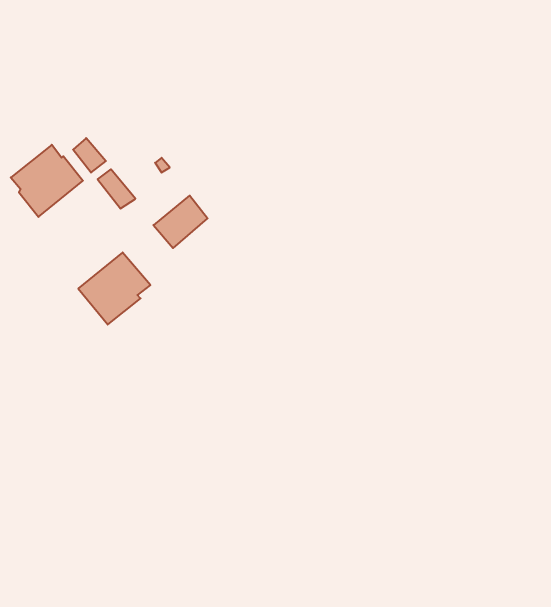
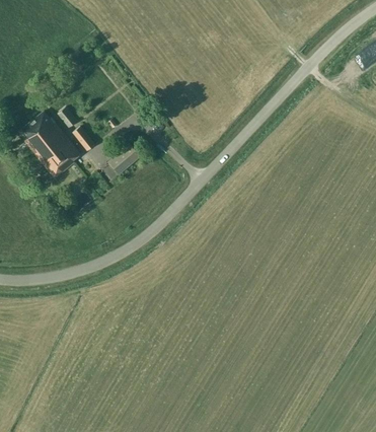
building: [78,252,150,325] -> [36,134,81,178]

